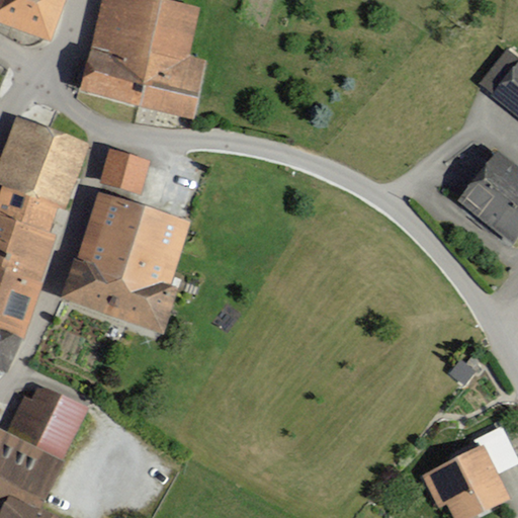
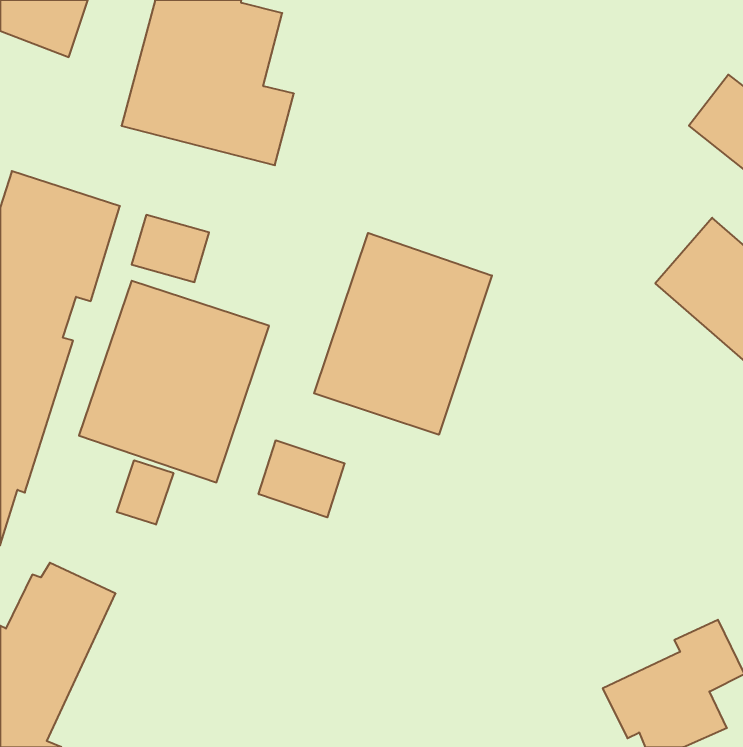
building: none -> [314,233,492,435]
building: none -> [259,440,345,517]
building: none -> [117,460,173,525]

